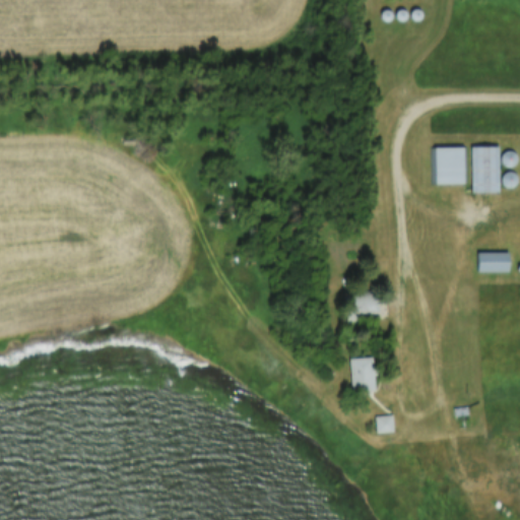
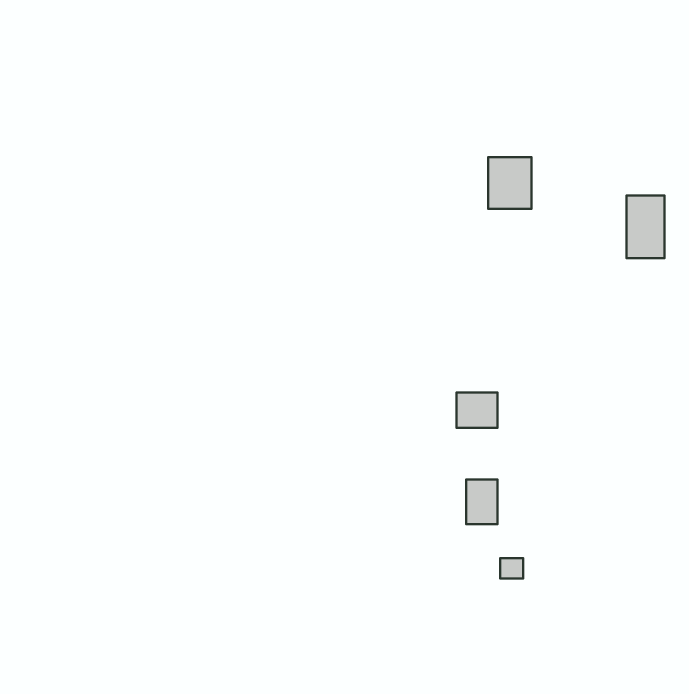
building: [435,146,467,185] -> [488,157,532,209]
building: [476,252,511,272] -> none

